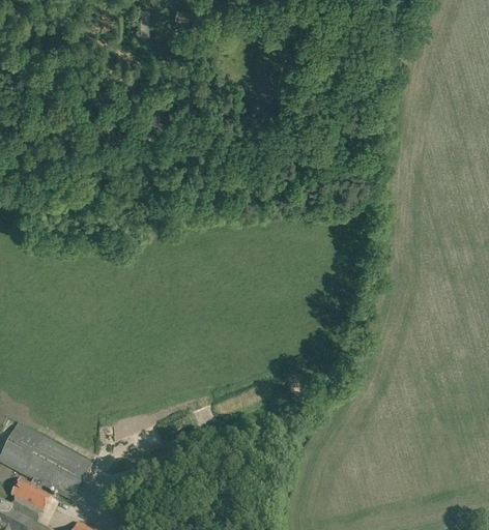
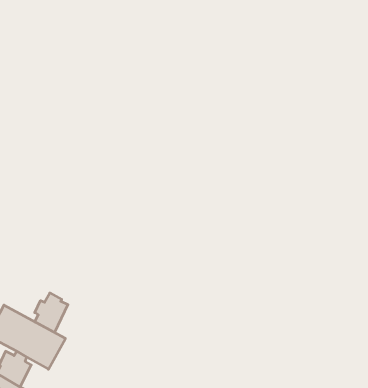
building: none -> [35,293,68,332]

